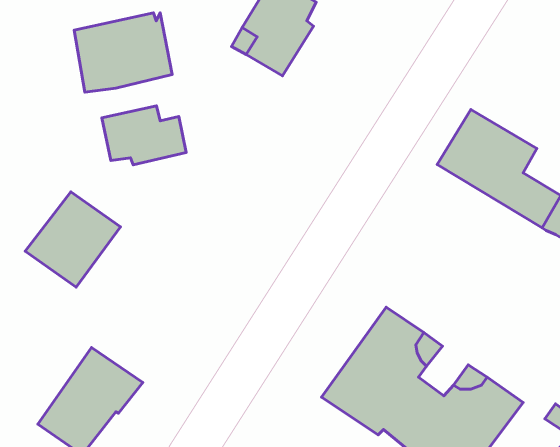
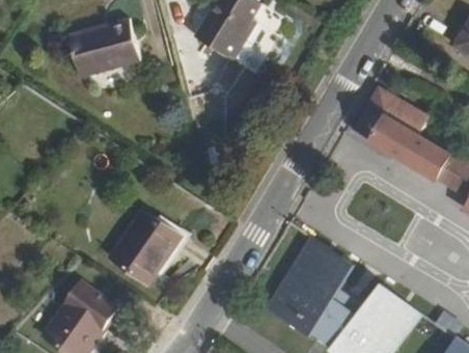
building: [102,106,186,165] -> none
building: [25,192,121,287] -> [114,209,188,282]

